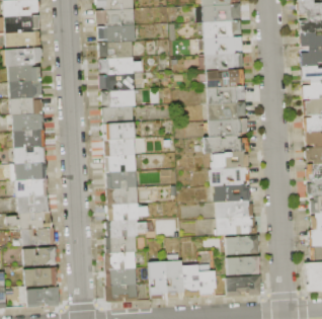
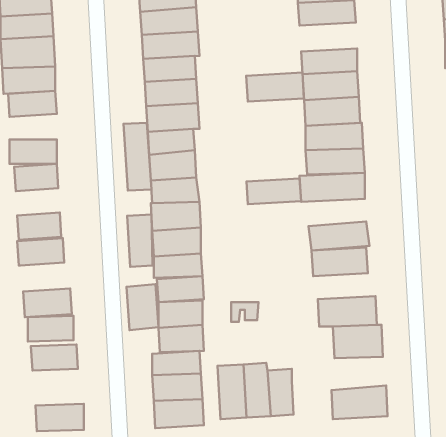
building: [203,33,241,53] -> [246,73,304,102]
building: [9,96,41,111] -> none
building: none -> [123,123,151,191]
building: [13,144,43,162] -> none
building: [211,151,247,168] -> [246,178,301,204]
building: none -> [127,215,153,267]
building: [16,193,47,213] -> none
building: [214,201,249,218] -> none
building: none -> [127,284,158,330]
building: [226,256,258,274] -> none
building: [25,267,58,285] -> none
building: [197,270,216,295] -> none

